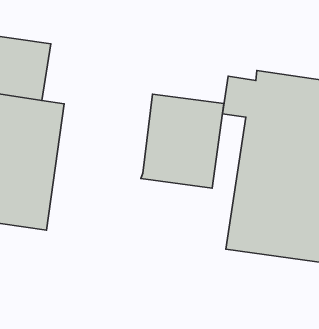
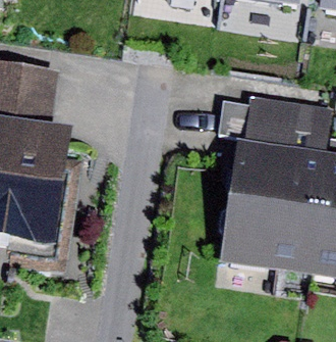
building: [141,94,224,188] -> none

